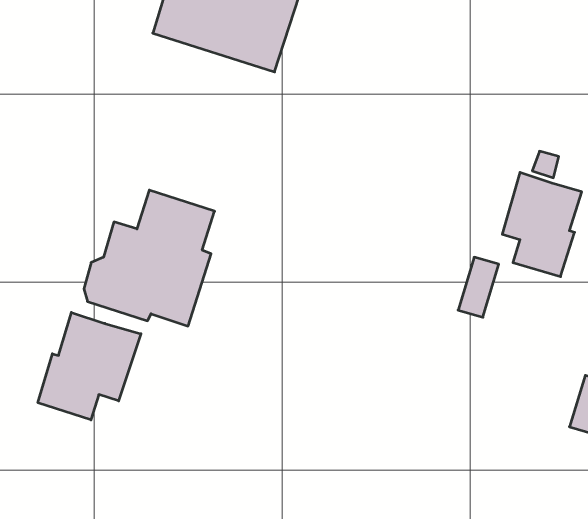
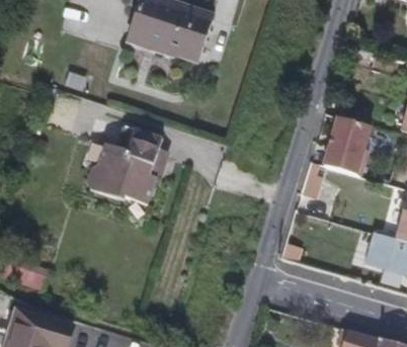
building: [38,312,141,420] -> none

